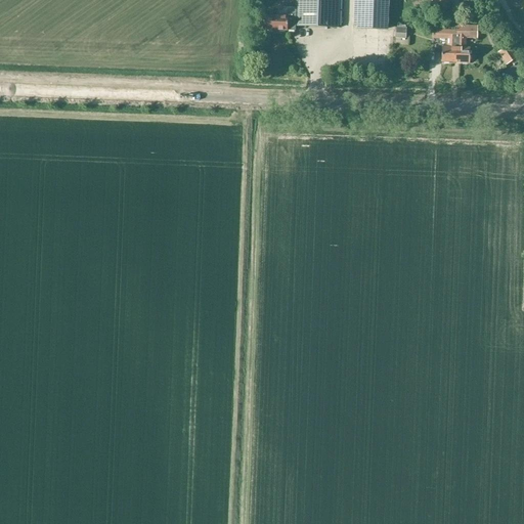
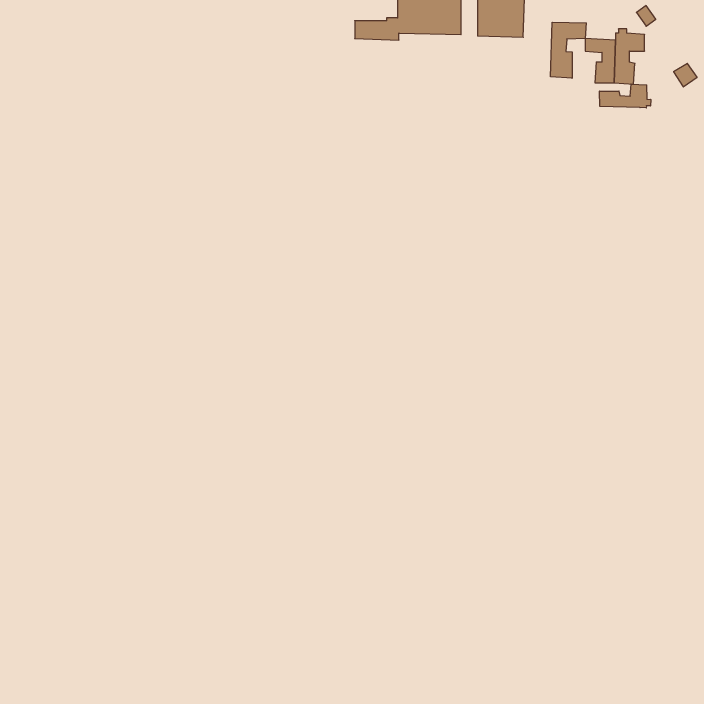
building: none -> [551,22,586,78]
building: none -> [600,84,651,108]

